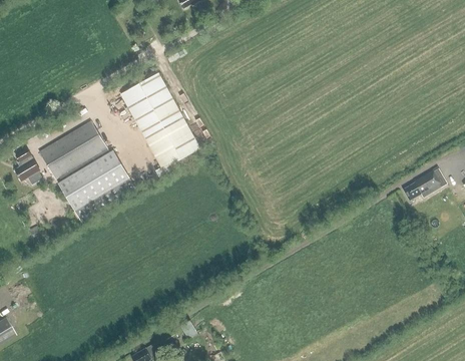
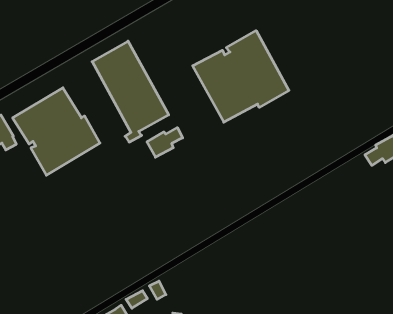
building: none -> [193,31,289,122]
building: none -> [147,128,183,157]

